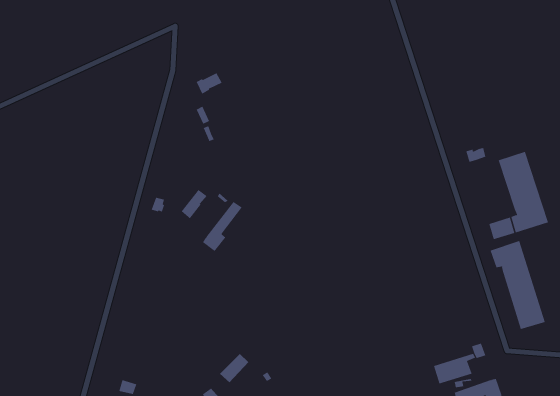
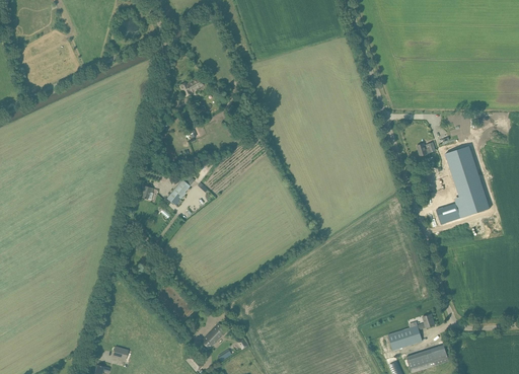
building: [202,201,243,252] -> none
building: [490,240,546,330] -> none

